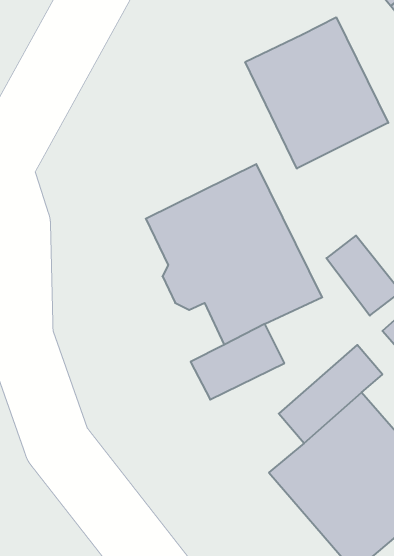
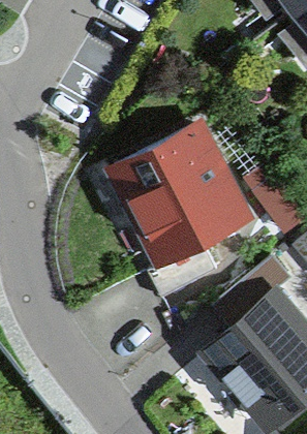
building: [245,17,388,169] -> none

